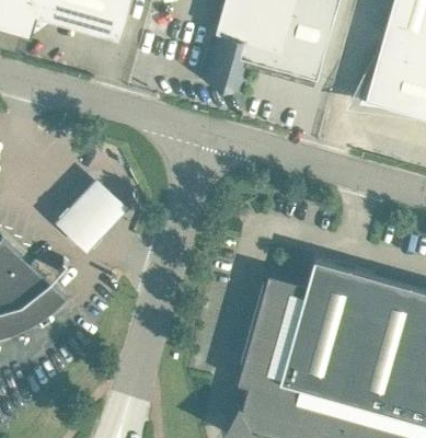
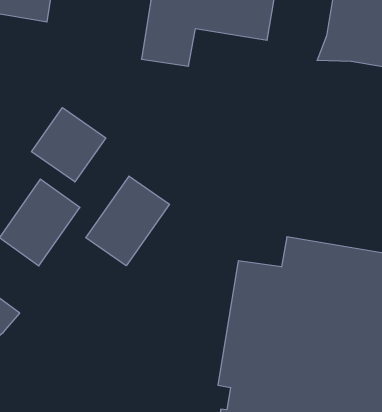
building: none -> [31,108,106,182]
building: none -> [86,176,169,266]

